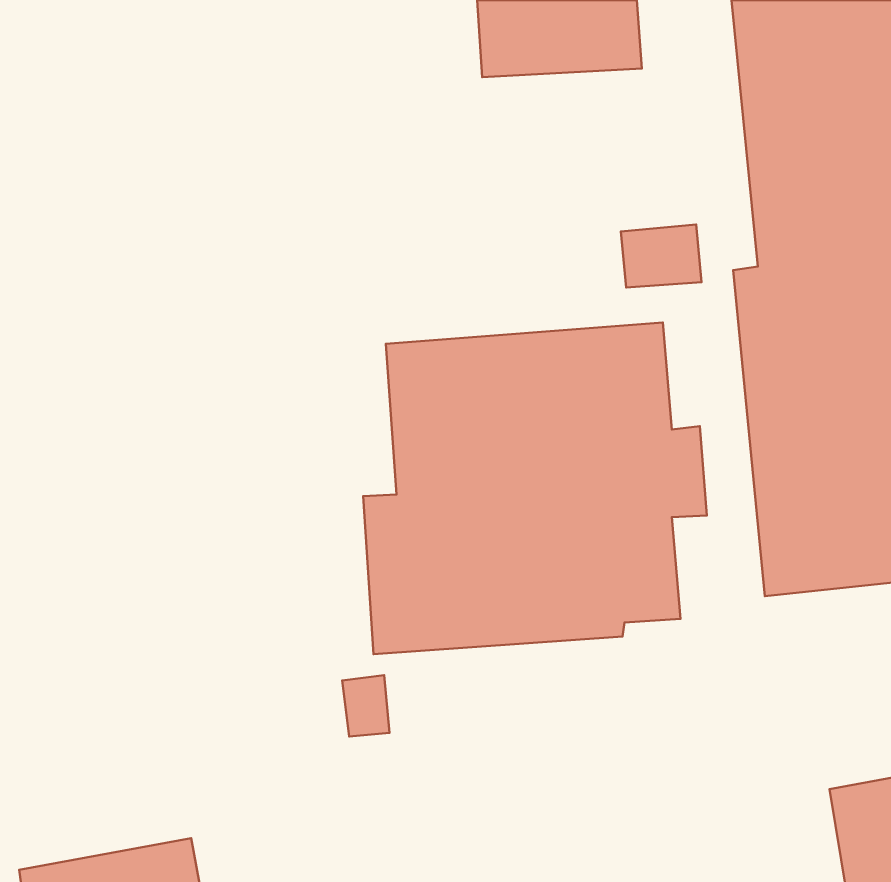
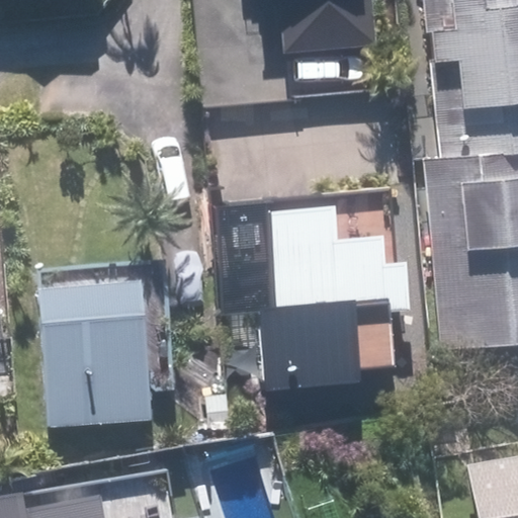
building: none -> [37,262,169,429]

